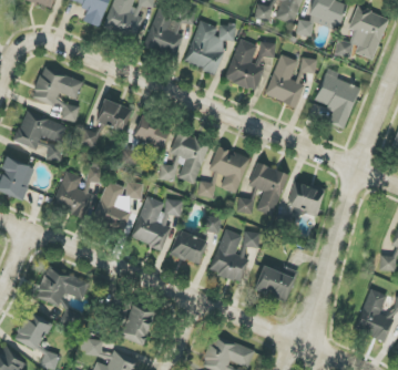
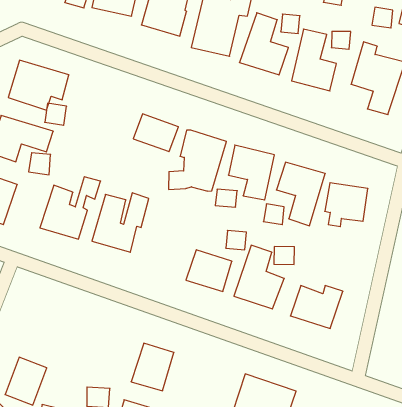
building: [96,100,132,130] -> none
building: [132,196,184,249] -> none
building: [37,266,90,327] -> none

